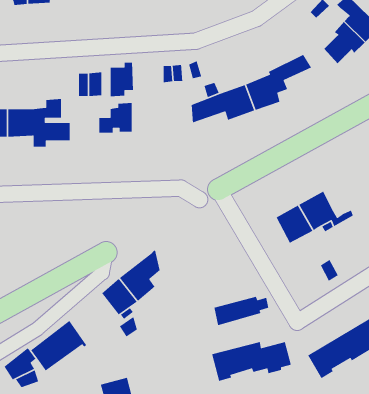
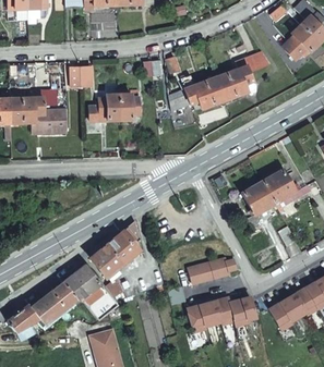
building: [110,62,134,97] -> [118,88,139,119]
building: none -> [63,265,117,320]

